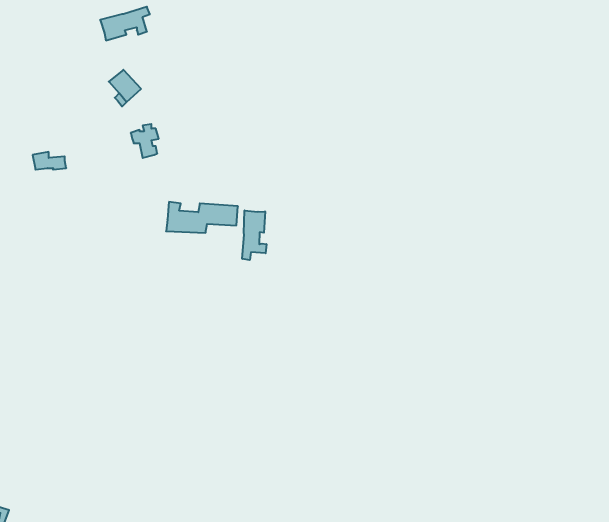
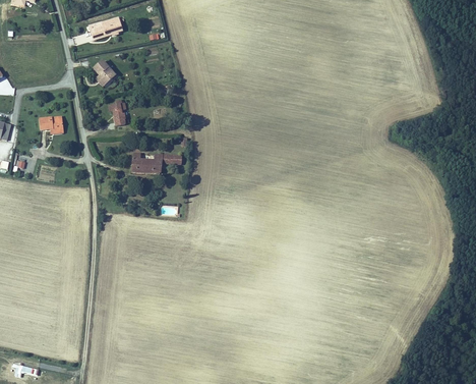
building: [242,210,266,260] -> none

